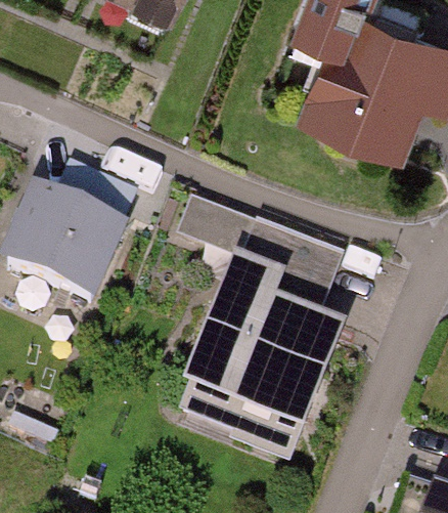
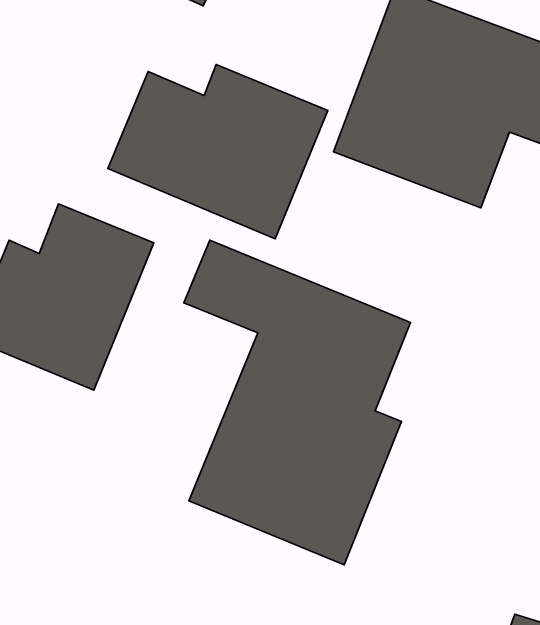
building: none -> [108,65,328,239]

